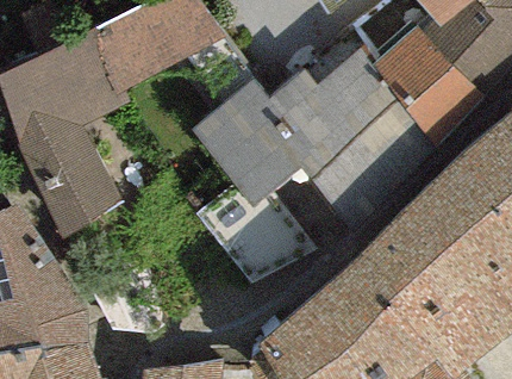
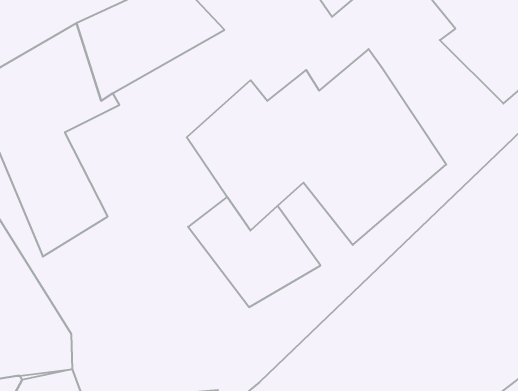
building: [370,25,482,151] -> none

